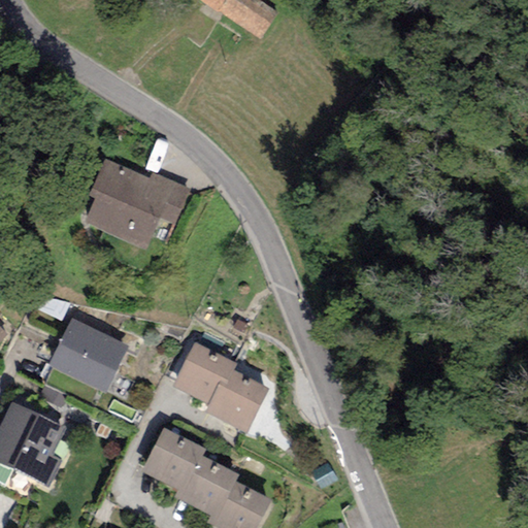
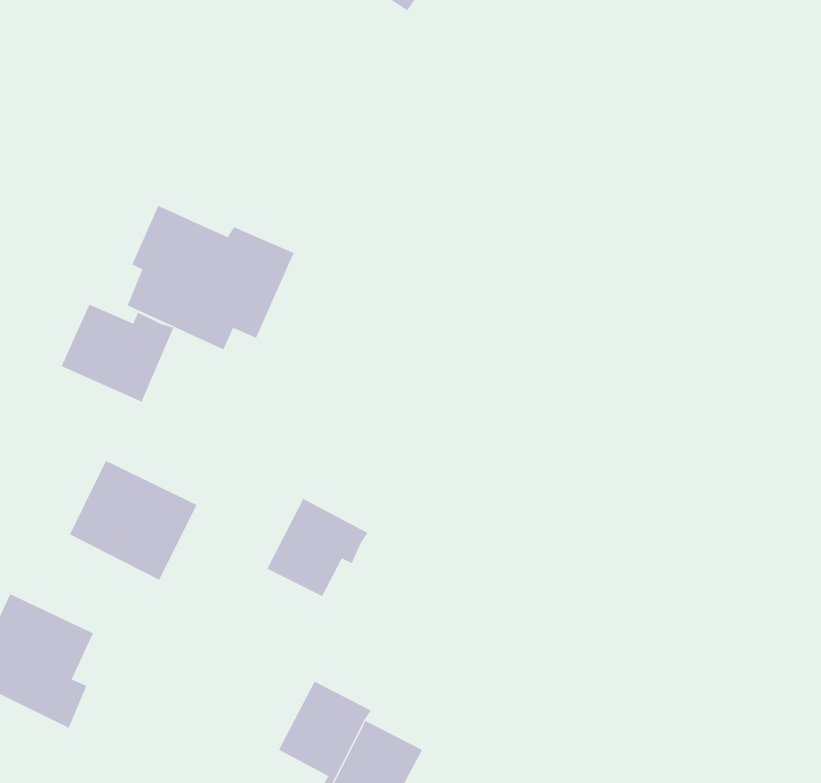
building: none -> [61,304,174,403]
building: [204,369,268,433] -> none
building: [140,427,205,499] -> none

